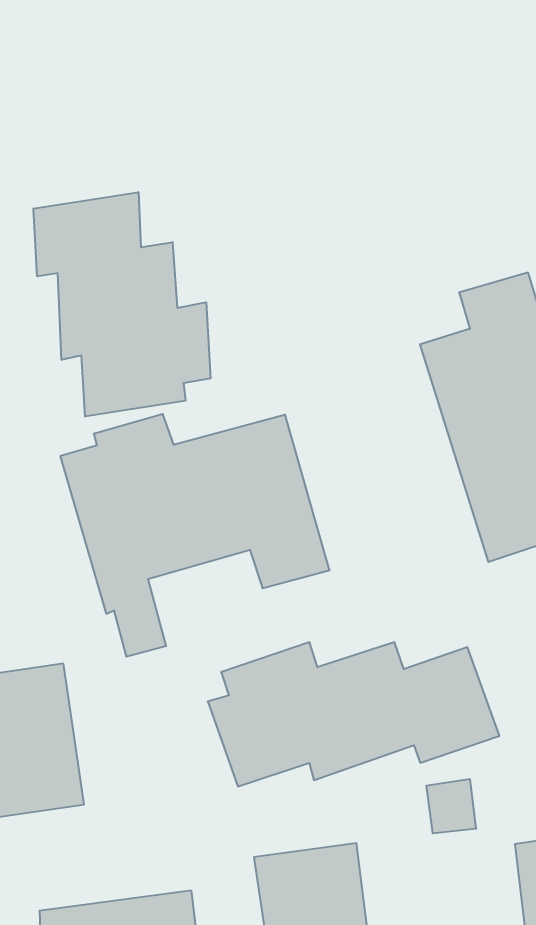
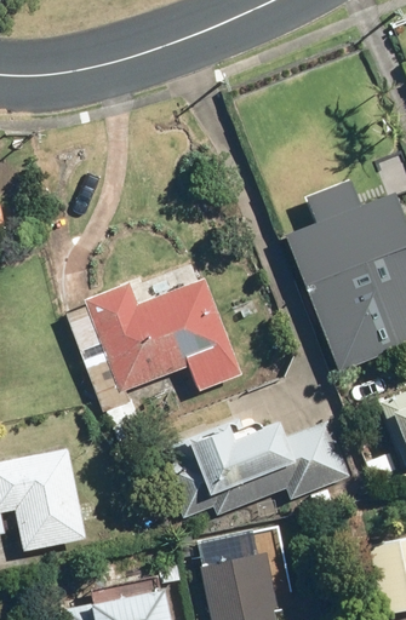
building: [34,192,211,417] -> none

